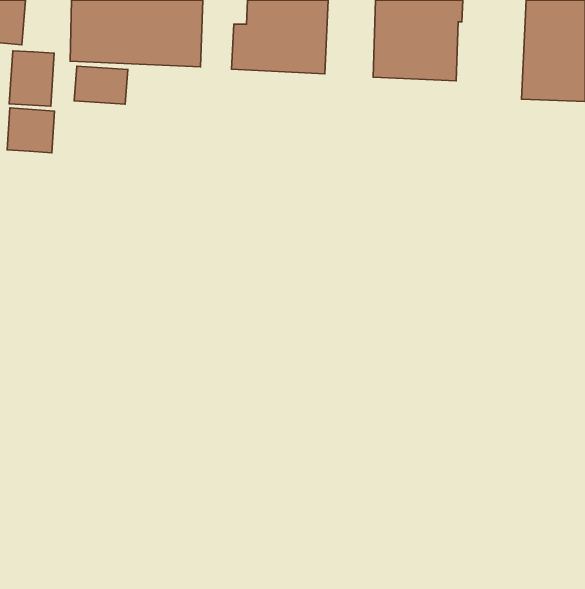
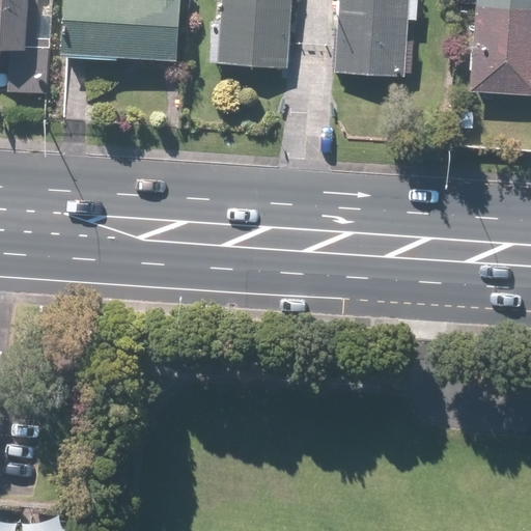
building: [74,66,128,104] -> none
building: [7,108,54,153] -> none

